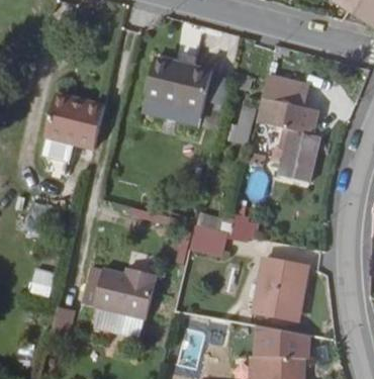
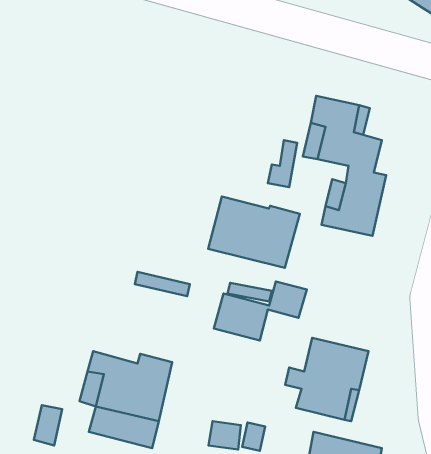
building: [149,59,217,112] -> [208,197,300,268]
building: [48,97,107,151] -> none

